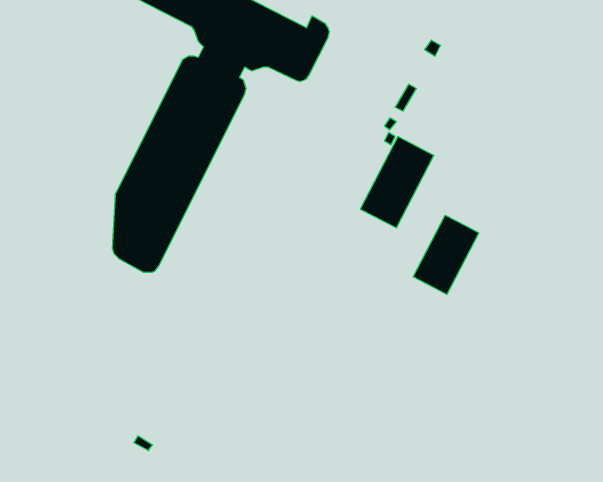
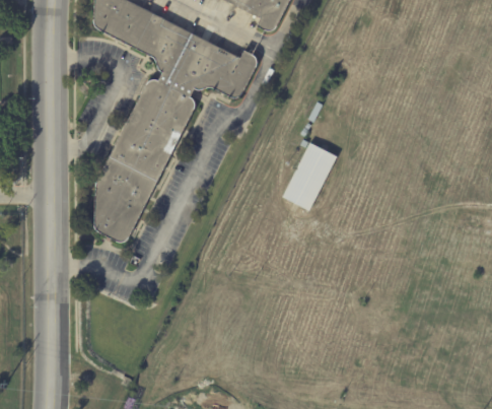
building: [413,215,479,294] -> none

